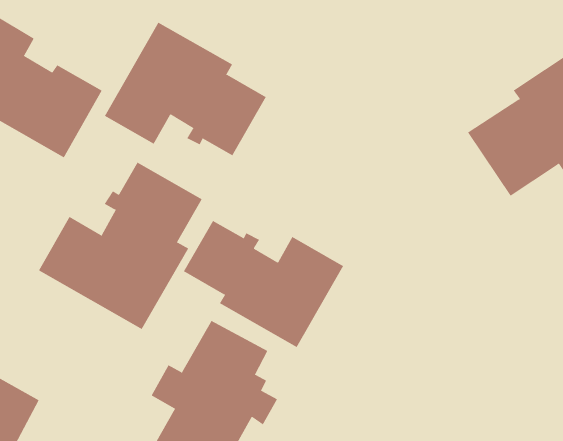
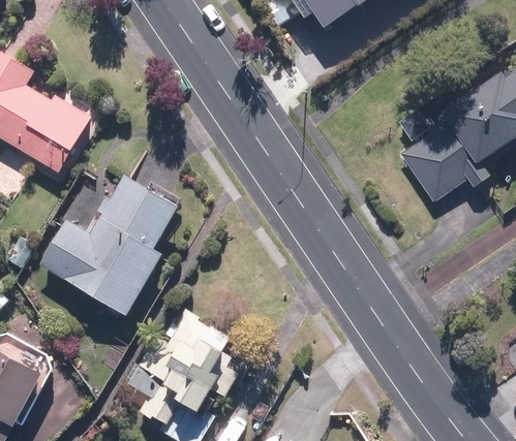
building: [104,22,267,156] -> none
building: [183,220,344,348] -> none

